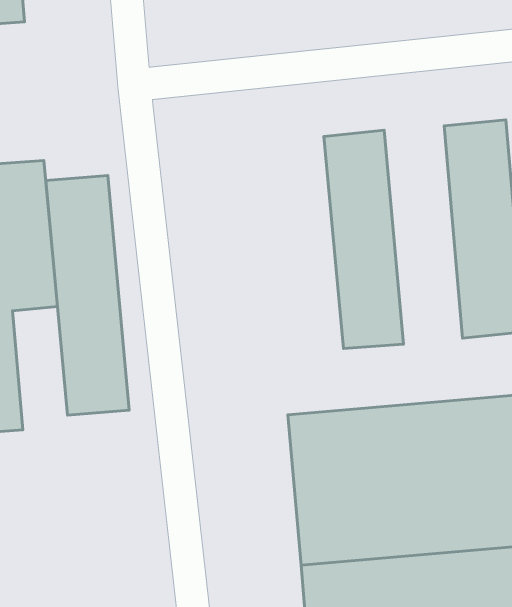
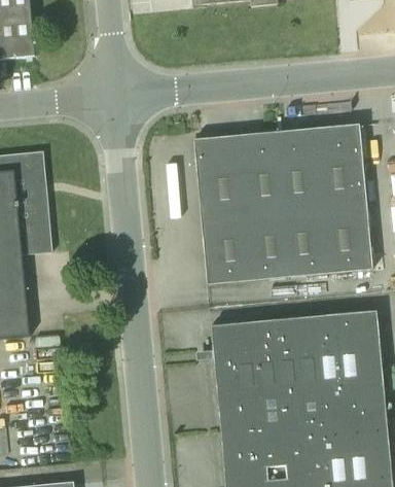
building: none -> [276,128,329,277]
building: none -> [192,135,248,284]
building: [46,176,129,415] -> none

